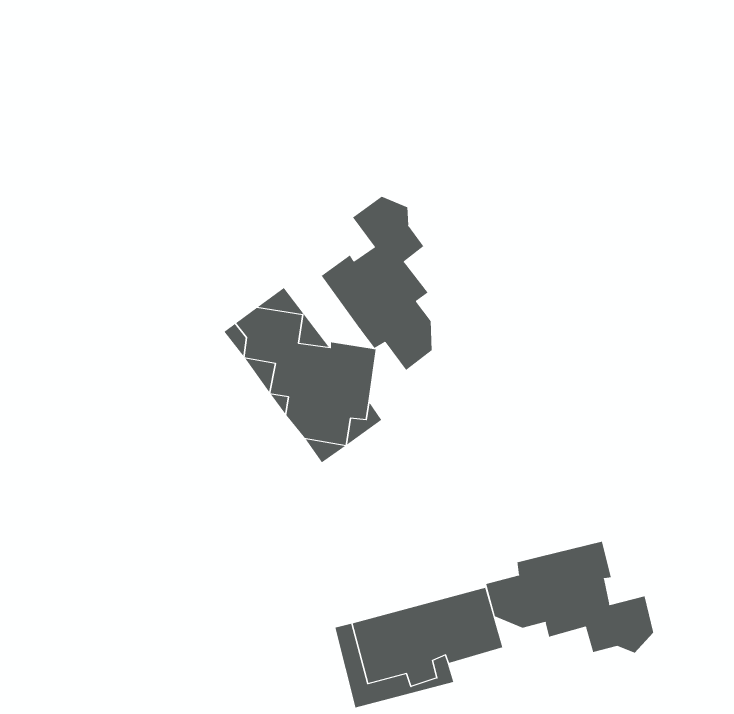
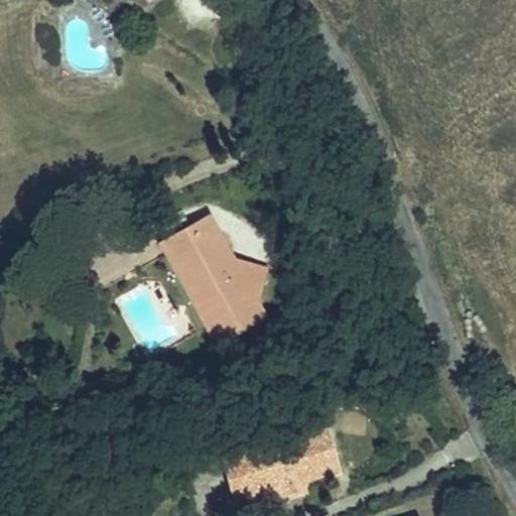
building: [321,196,432,371] -> none
building: [486,541,654,654] -> none

